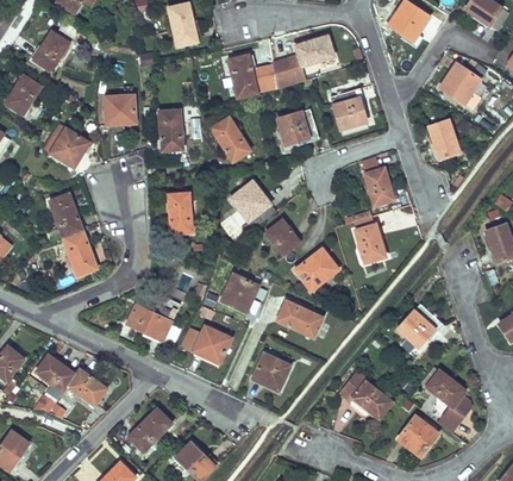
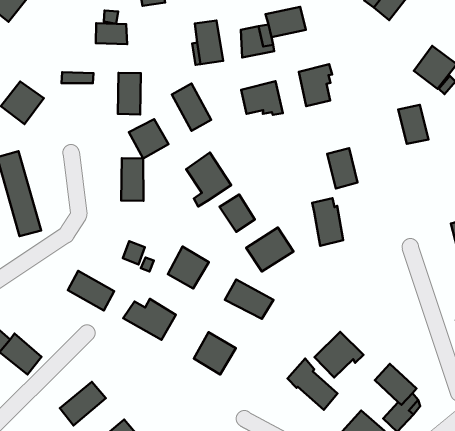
building: [104,95,134,115] -> [96,23,127,44]
building: none -> [129,119,168,158]
building: [398,304,444,348] -> [314,332,363,378]

